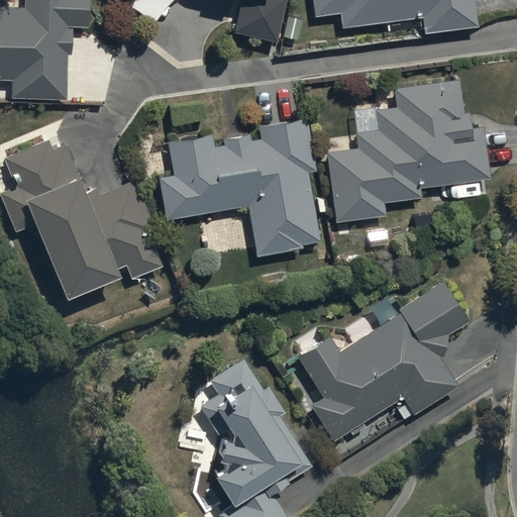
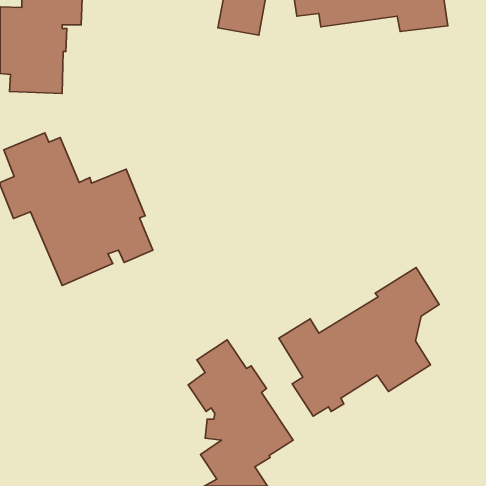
building: [326,80,489,223] -> none
building: [161,119,319,256] -> none

